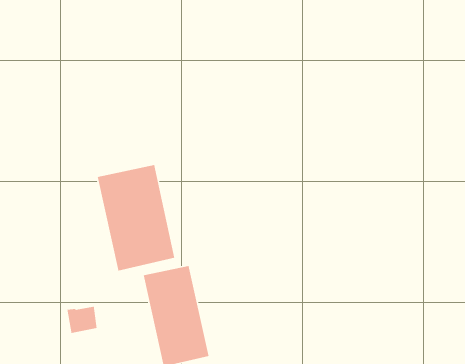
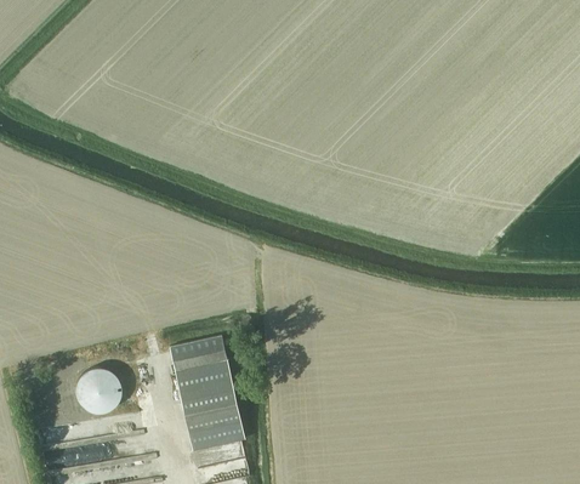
building: [97,164,175,272] -> none

